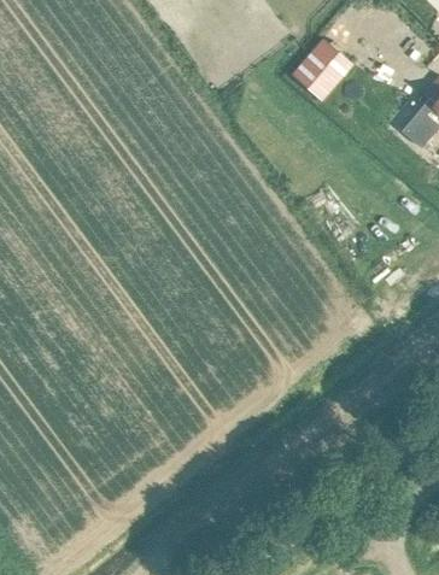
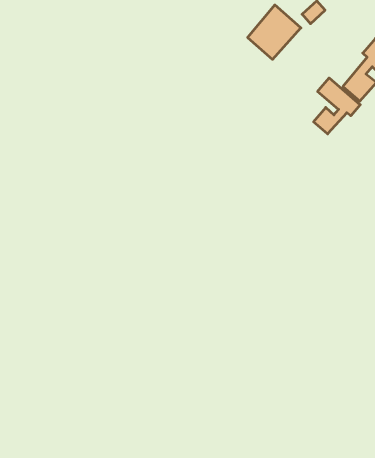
building: none -> [314,78,360,134]

